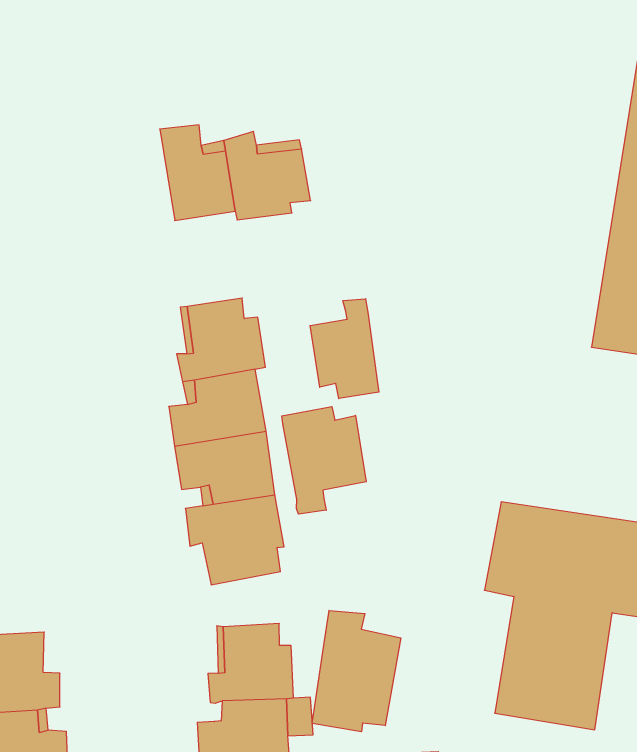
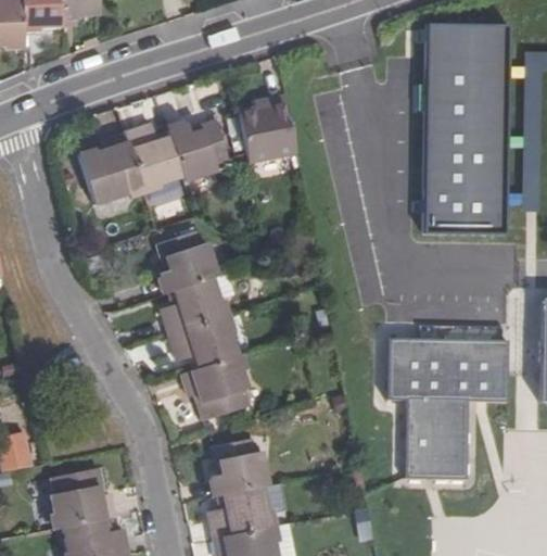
building: none -> [239,92,297,156]
building: none -> [81,131,145,202]
building: [310,299,379,399] -> none
building: [282,407,366,514] -> none
building: [312,610,401,732] -> none

